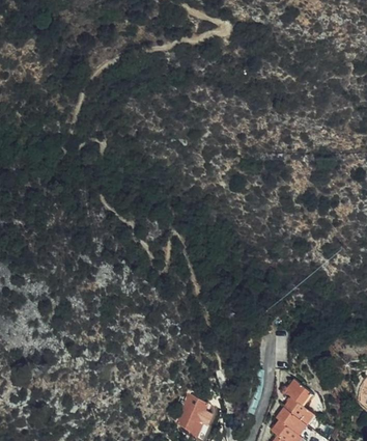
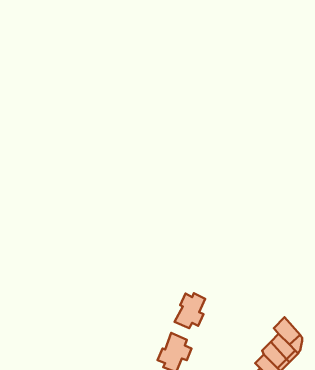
building: none -> [175,293,205,328]

